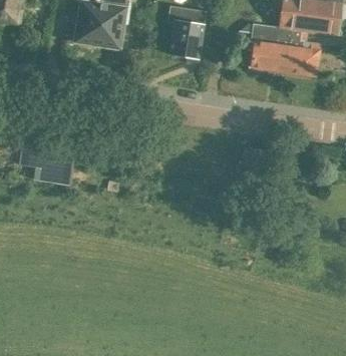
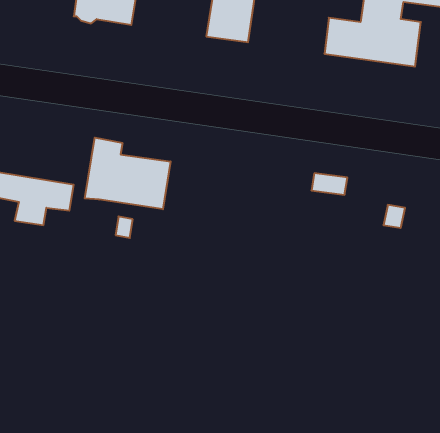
building: none -> [85,138,171,209]

